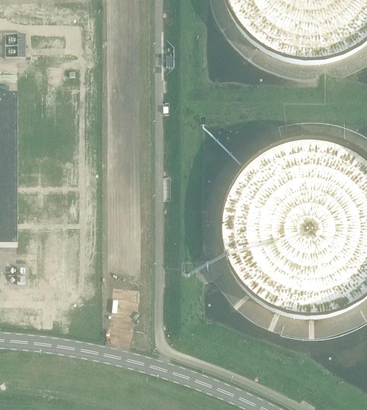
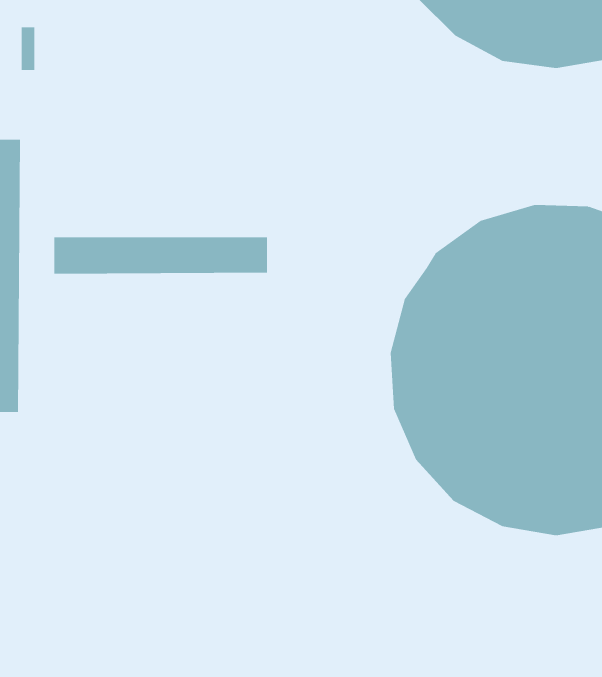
building: none -> [54,236,267,274]

